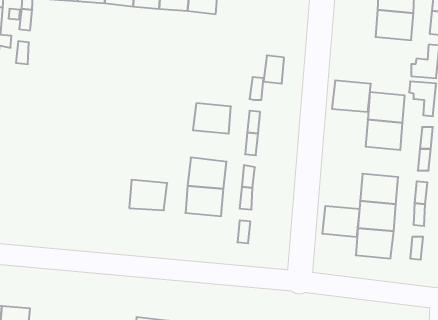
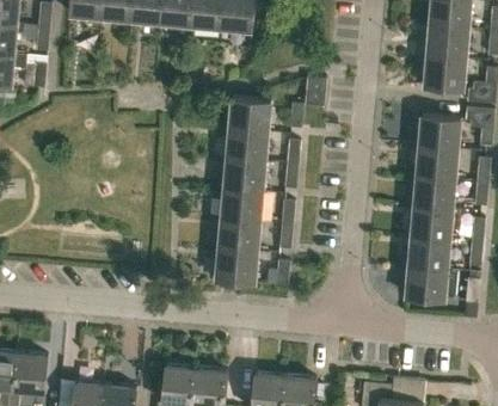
building: none -> [229,98,271,133]
building: [332,80,371,112] -> [423,56,466,91]
building: none -> [223,159,265,193]
building: none -> [412,177,454,210]
building: [129,180,167,210] -> [215,250,257,283]
building: [323,206,360,237] -> none

